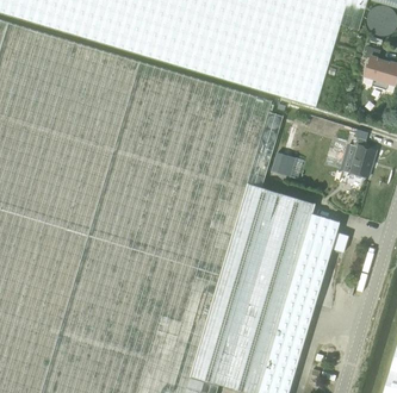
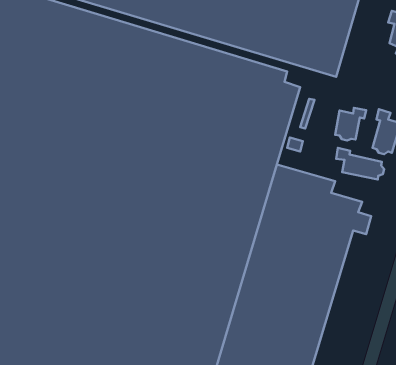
building: none -> [335,108,366,140]
building: none -> [336,148,384,179]

